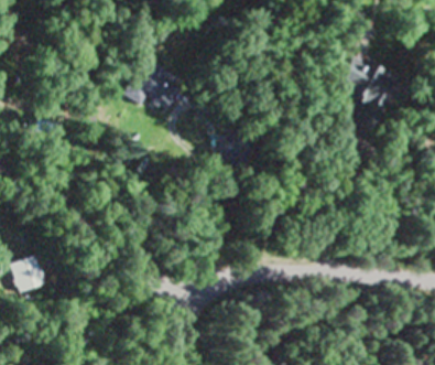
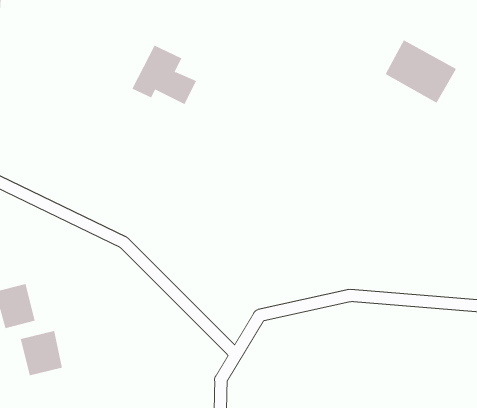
building: none -> [20,330,63,376]

